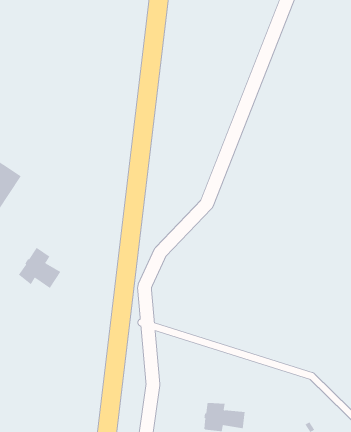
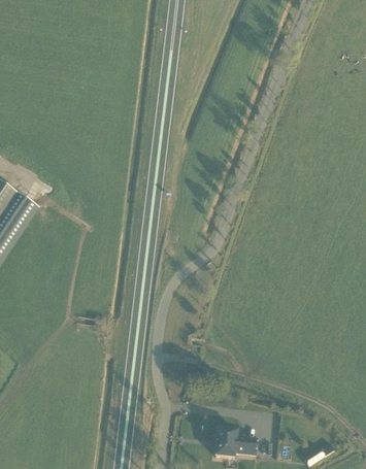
building: [17,247,61,289] -> none

